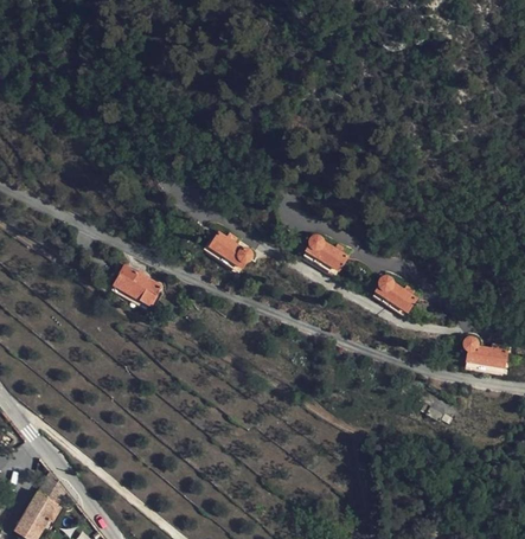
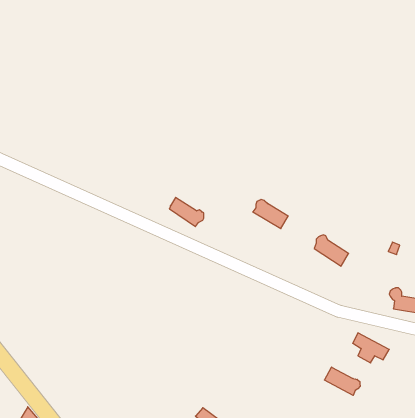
building: [113,265,161,306] -> none
building: none -> [324,367,360,395]

